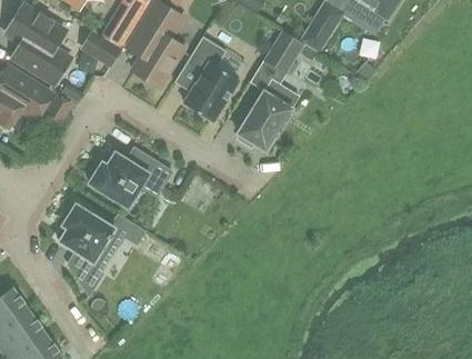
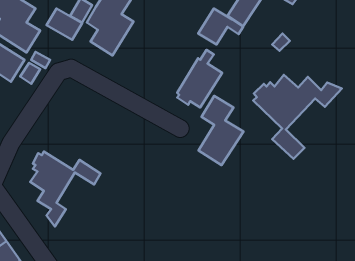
building: [184,37,239,121] -> [199,96,243,165]
building: none -> [253,75,342,159]
building: [88,149,171,208] -> none

